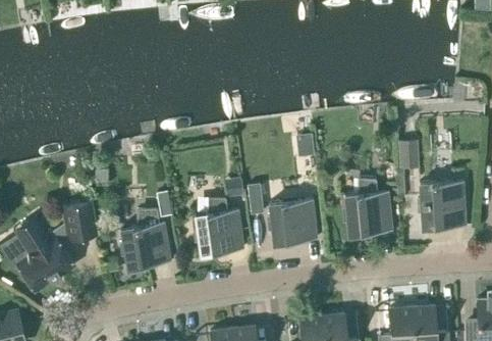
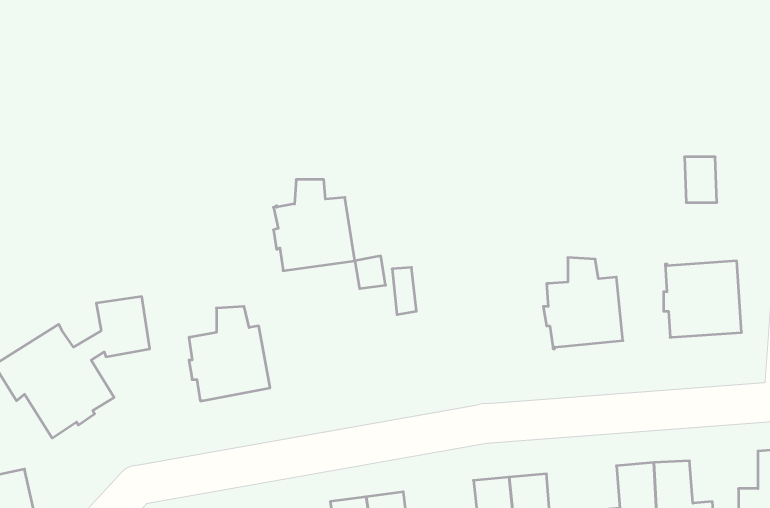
building: [398,141,419,169] -> [684,157,717,202]
building: [194,198,244,255] -> [273,180,355,271]
building: [267,198,317,244] -> none

